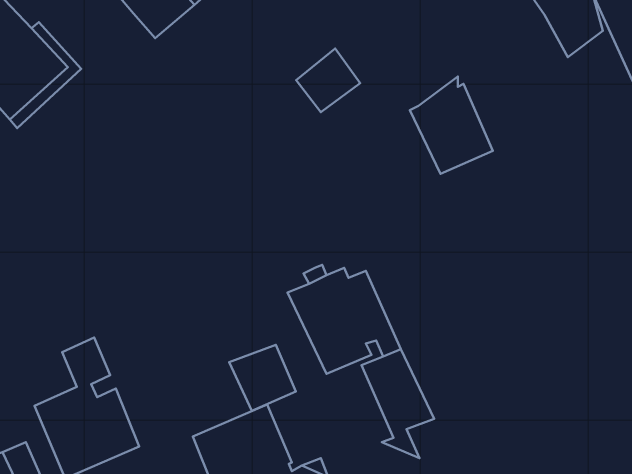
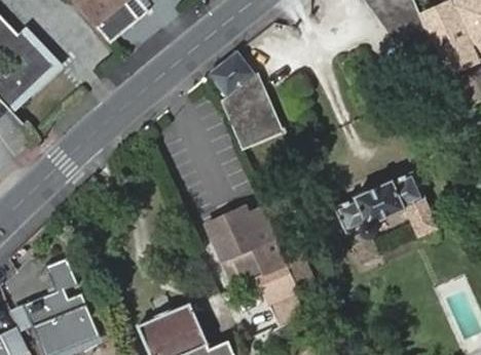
building: [410,77,493,174] -> [221,76,280,145]
building: none -> [335,173,439,263]
building: [229,345,296,411] -> none

